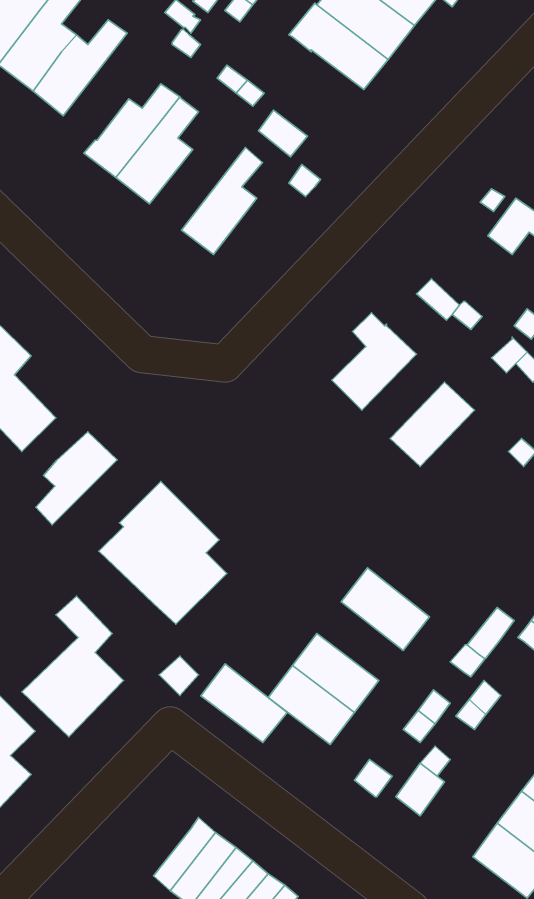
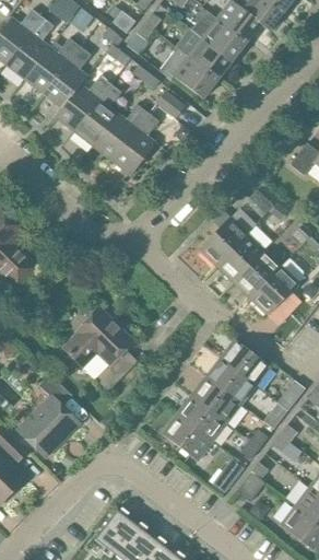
building: none -> [43,46,91,108]
building: none -> [158,48,217,98]
building: none -> [93,104,149,161]
building: none -> [216,233,264,282]
building: none -> [250,258,303,315]
building: [36,432,117,525] -> none
building: none -> [220,338,270,386]
building: [201,664,287,743] -> [190,377,240,423]

